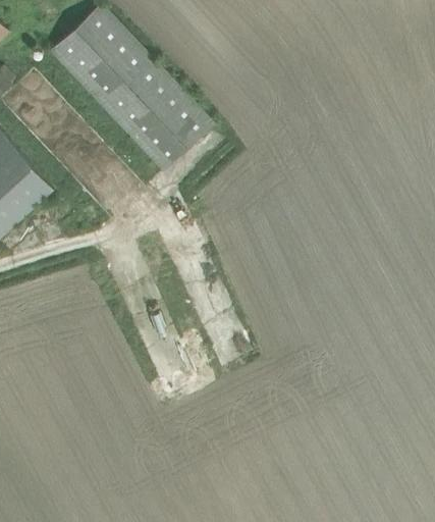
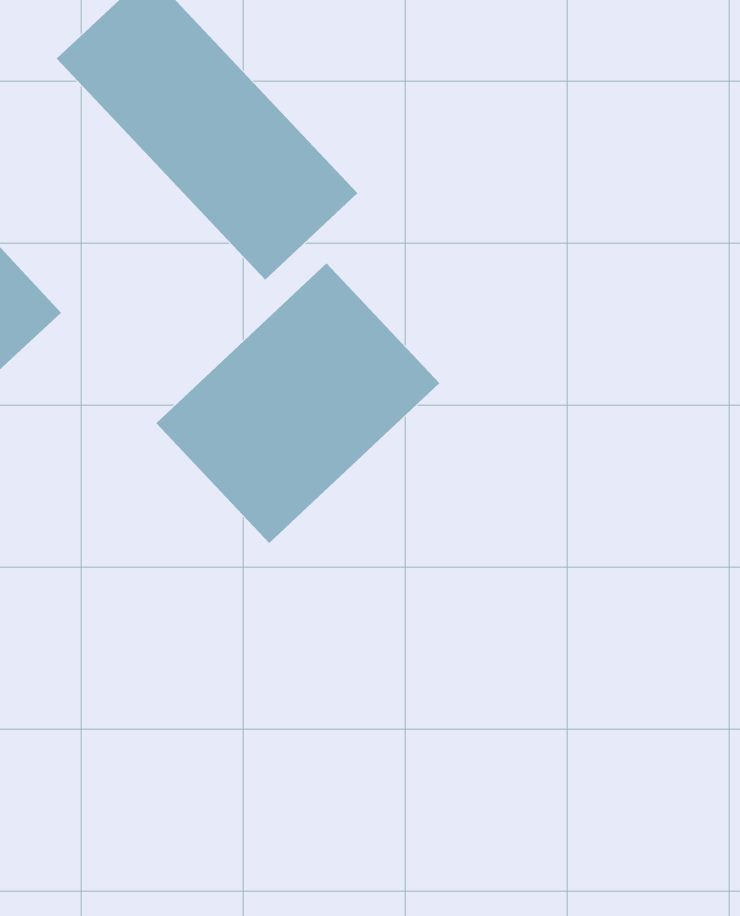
building: none -> [155,262,440,544]

